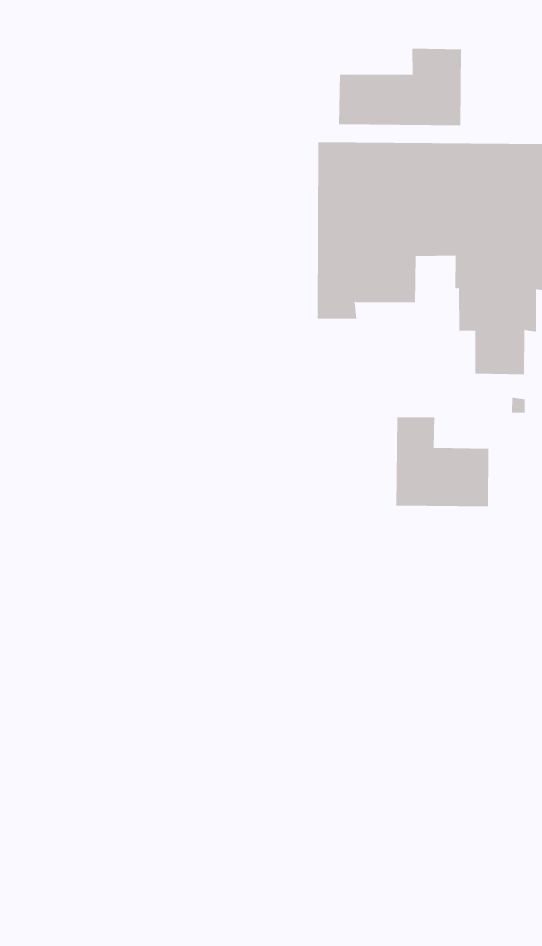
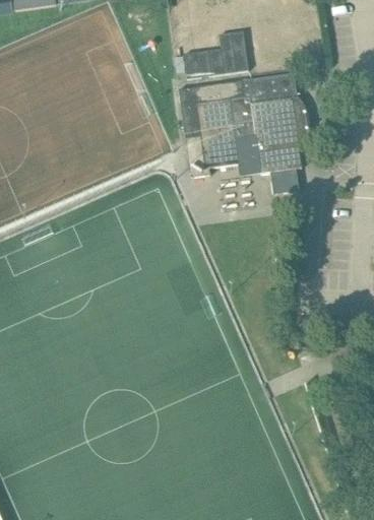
building: [396,417,489,507] -> none

